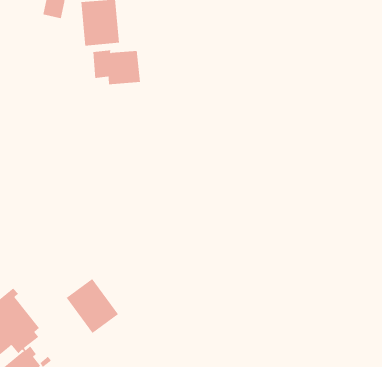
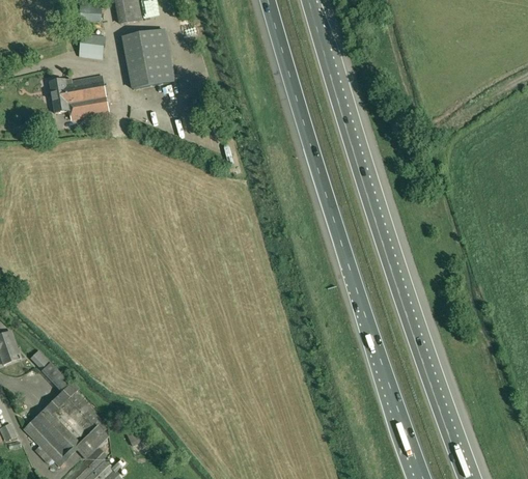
building: [92,50,141,85] -> [49,75,109,118]
building: [66,278,119,334] -> none

